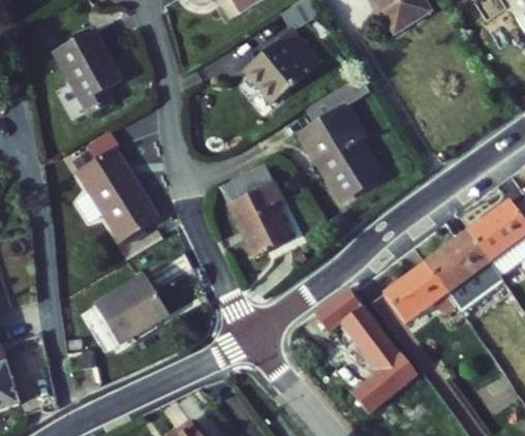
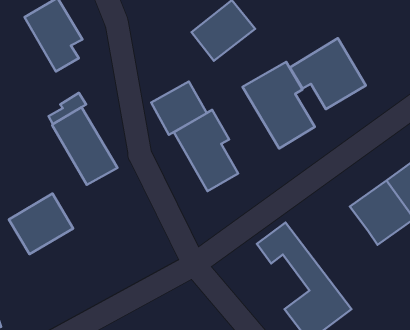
building: none -> [290,38,366,109]
building: none -> [151,82,207,135]
building: [380,268,445,328] -> none
building: [93,281,167,351] -> [9,194,73,254]

